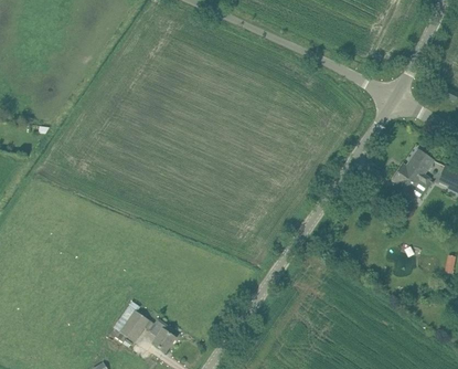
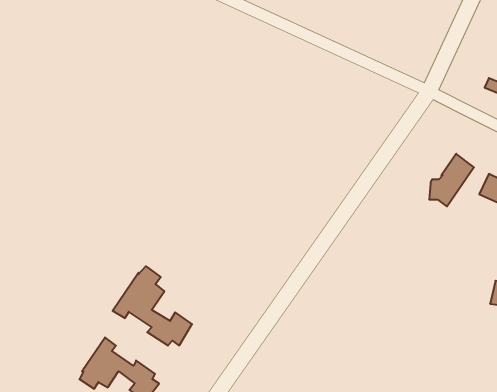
building: none -> [113,266,192,346]

